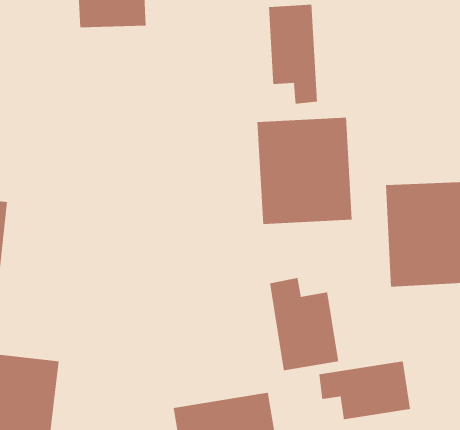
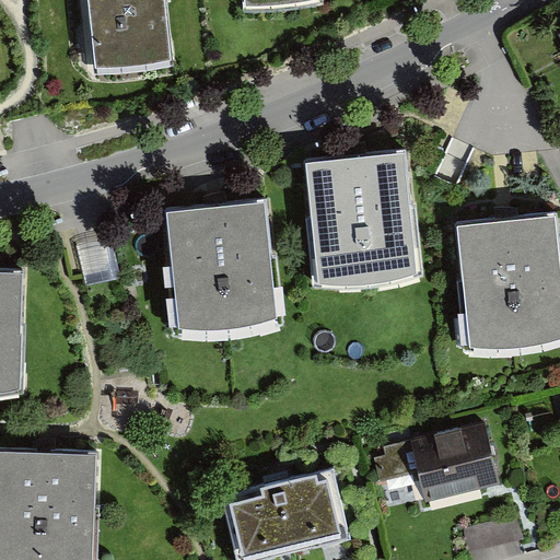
building: [269,4,317,105] -> none
building: none -> [166,200,283,329]
building: [270,277,339,371] -> none

